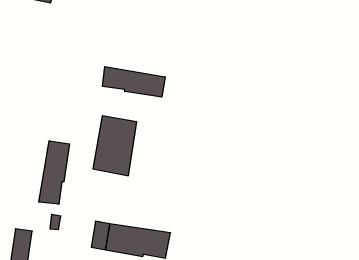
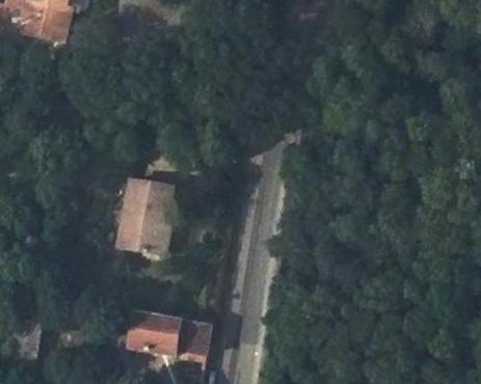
building: [103,67,165,97] -> none
building: [39,141,70,204] -> none

